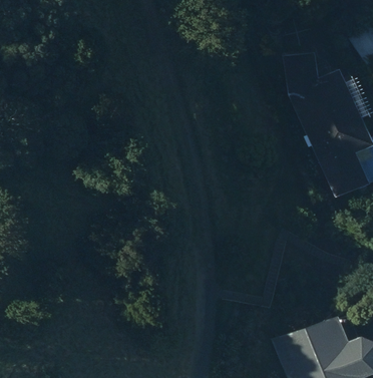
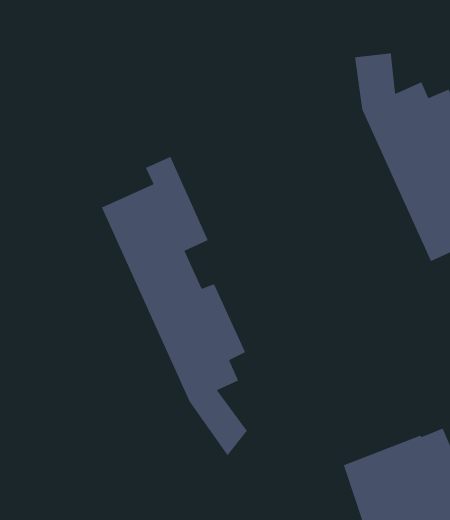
building: none -> [101,156,248,456]

